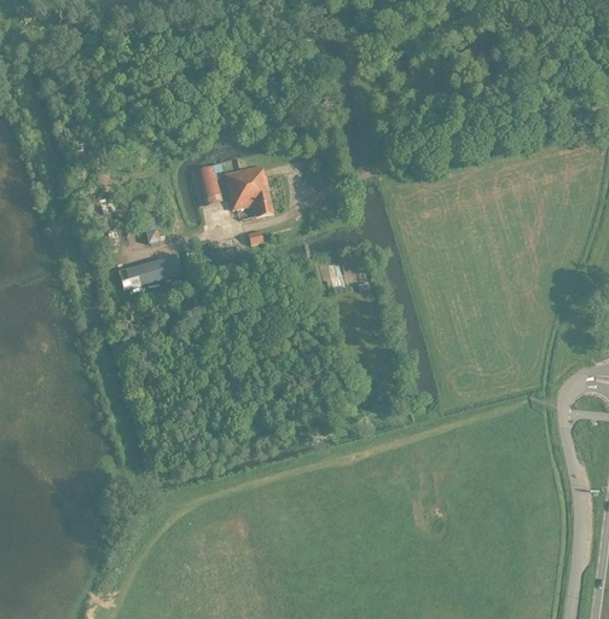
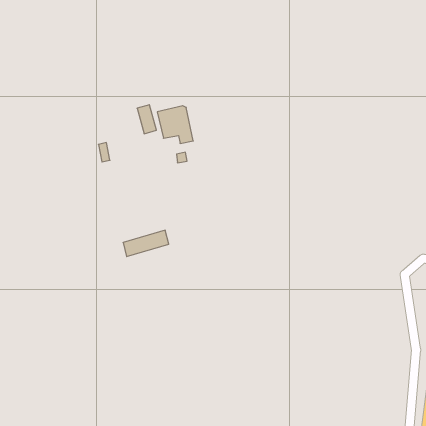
building: [117,254,180,290] -> [123,230,169,257]

